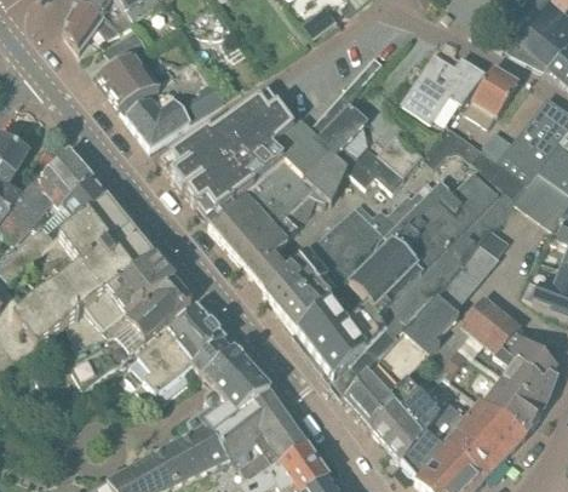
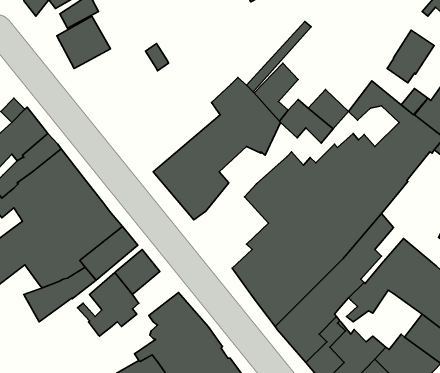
building: [403,38,486,120] -> none
building: [126,82,193,148] -> none
building: [160,88,294,222] -> none
building: [460,229,501,284] -> none
building: [264,248,335,328] -> none
building: [185,332,236,381] -> none

